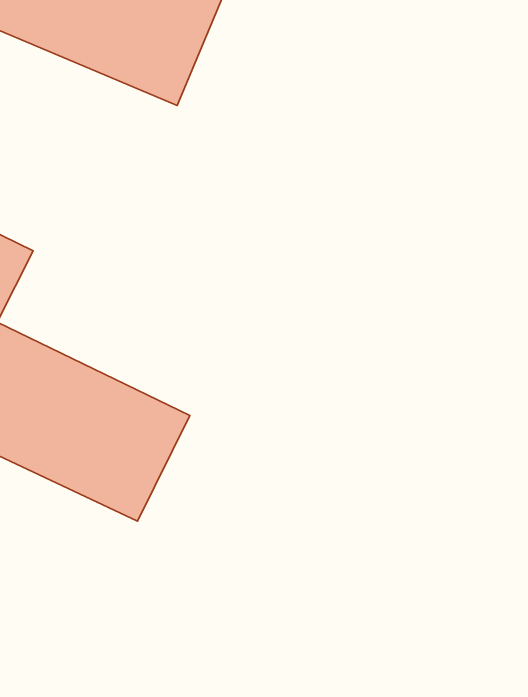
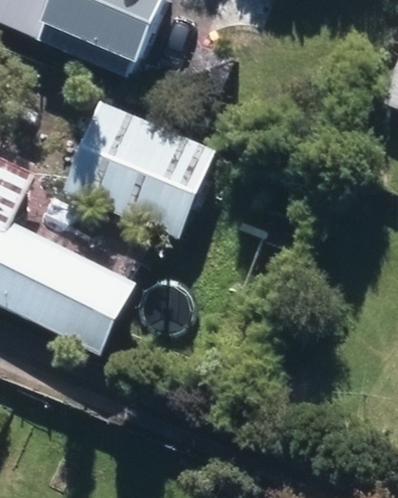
building: none -> [67,101,213,231]

